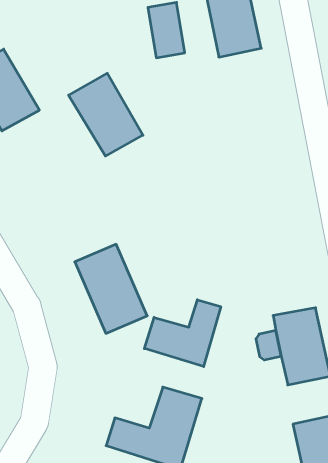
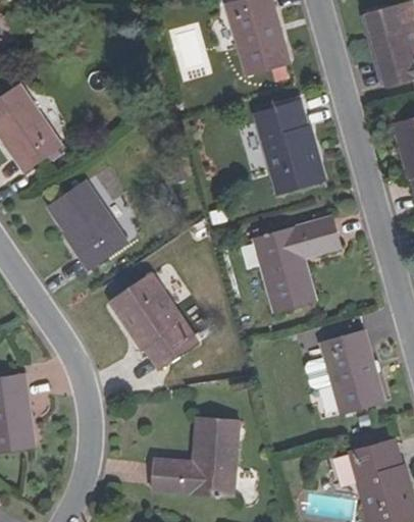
building: [69,73,143,156] -> [45,180,125,267]
building: none -> [254,100,321,192]
building: none -> [253,216,341,312]
building: [144,300,221,367] -> none

